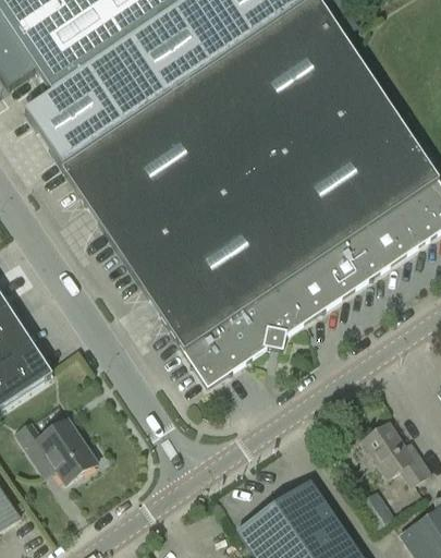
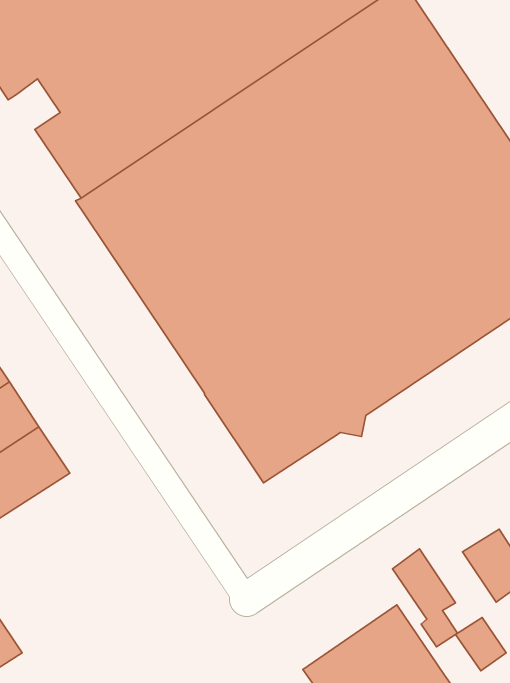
building: [15,418,98,484] -> none
building: none -> [392,549,458,647]

